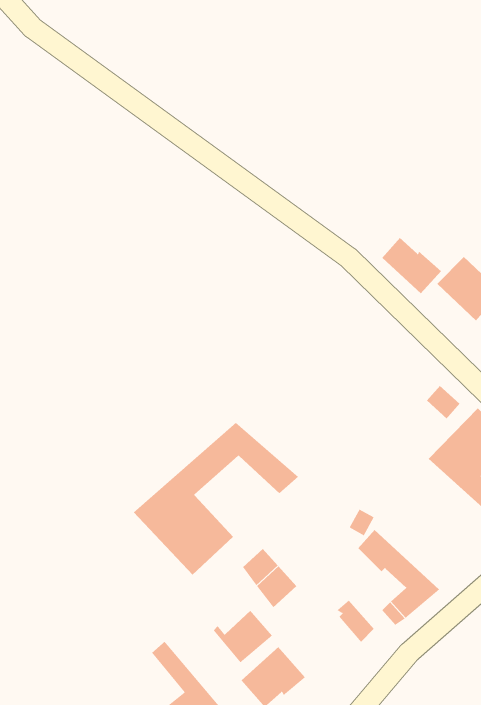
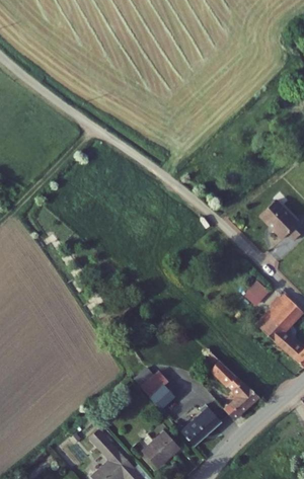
building: [381,237,442,294] -> none
building: [133,422,299,575] -> none
building: [213,610,273,663] -> [178,414,214,446]

